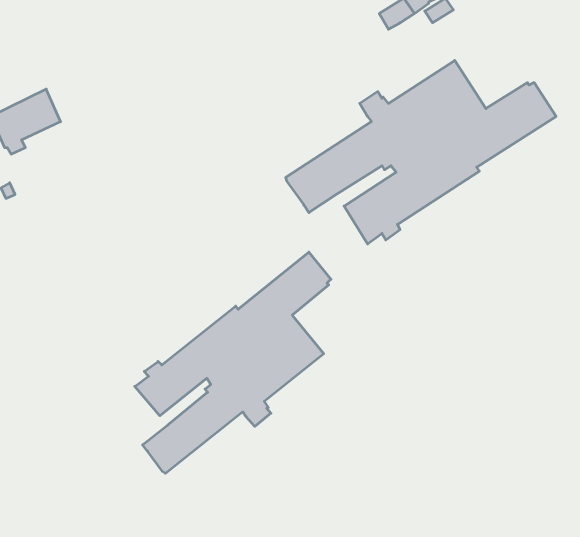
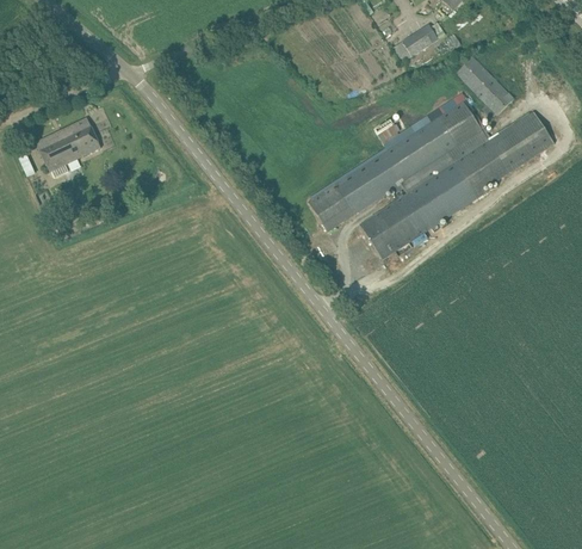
building: none -> [456,54,514,119]
building: [135,252,331,473] -> none

